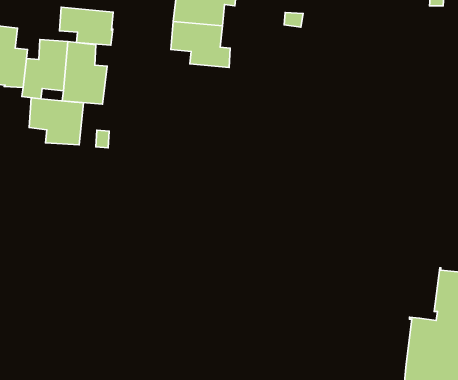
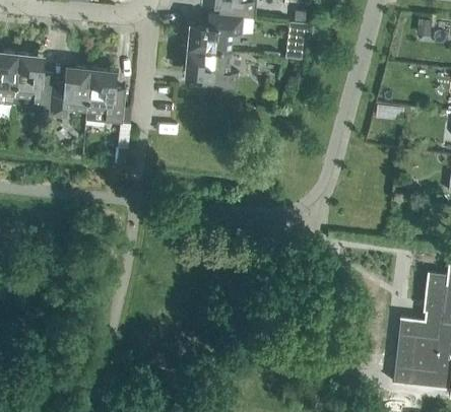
building: [59,7,113,45] -> none
building: [29,98,83,145] -> none

